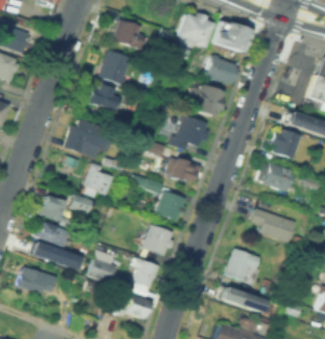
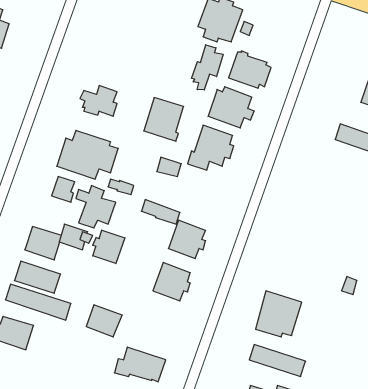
building: [112,20,145,48] -> none
building: [222,22,257,54] -> none
building: [99,50,131,85] -> [144,98,184,141]
building: none -> [192,45,223,90]
building: [269,127,300,159] -> none
building: [164,158,199,182] -> none
building: [256,163,292,190] -> none
building: none -> [93,230,125,264]
building: [251,208,296,243] -> none
building: [133,257,160,292] -> none

